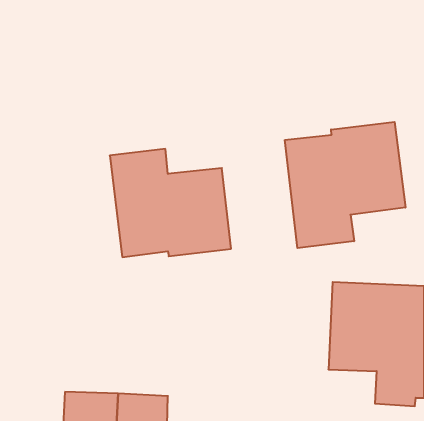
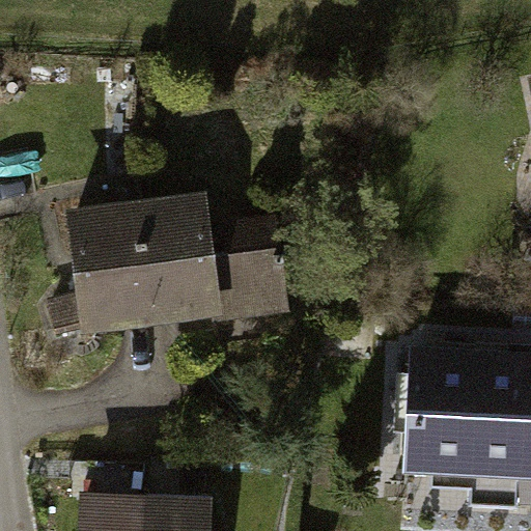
building: [285,122,405,248] -> none
building: none -> [48,199,152,339]

